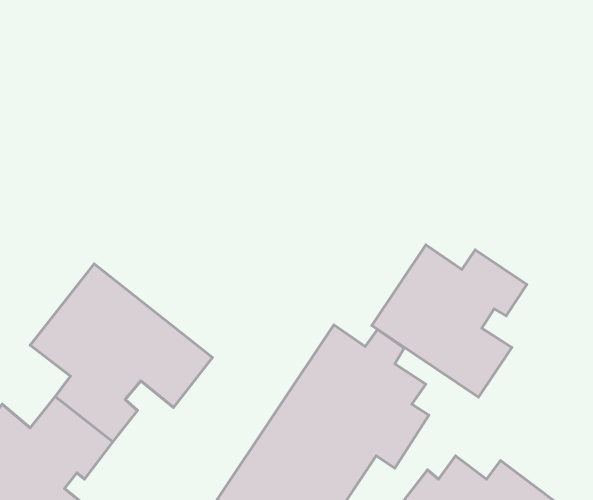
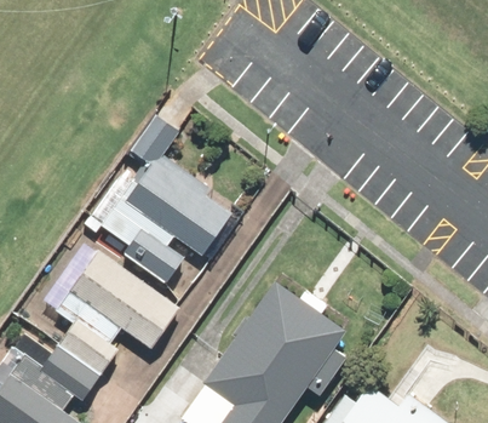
building: none -> [79,152,242,288]
building: [372,245,527,397] -> none

